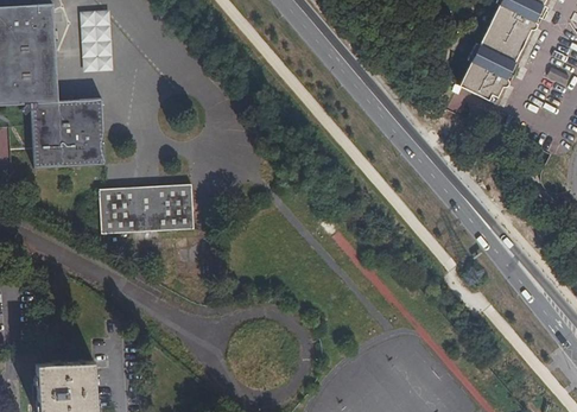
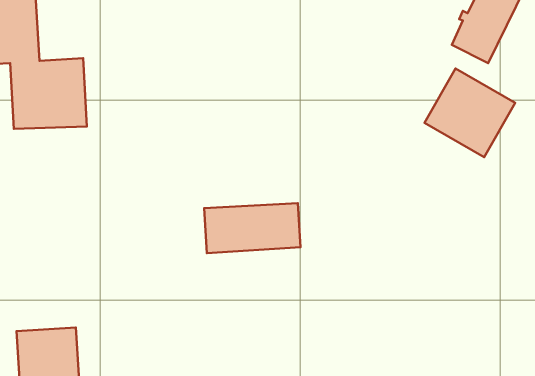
building: none -> [424,68,515,157]
building: [99,184,192,233] -> [204,203,300,253]

